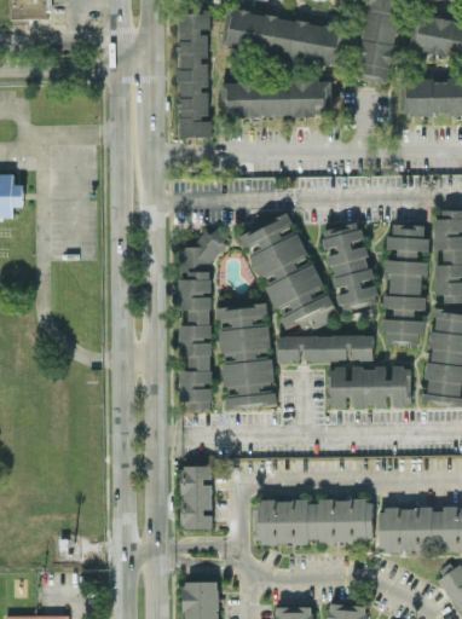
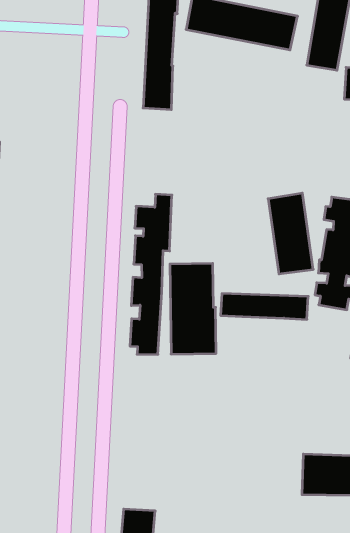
building: [221,81,331,117] -> none
building: [241,213,337,334] -> none
building: [328,366,411,407] -> none
building: [181,467,213,530] -> none
building: [254,499,373,543] -> none

